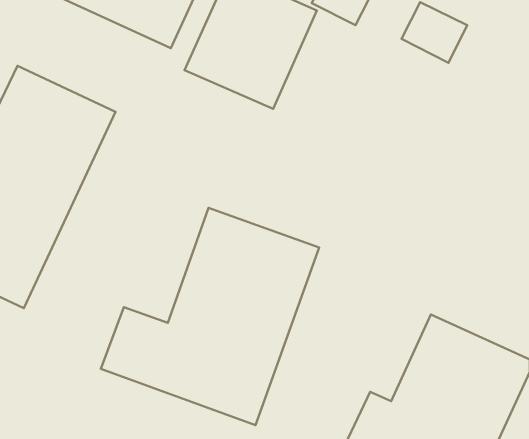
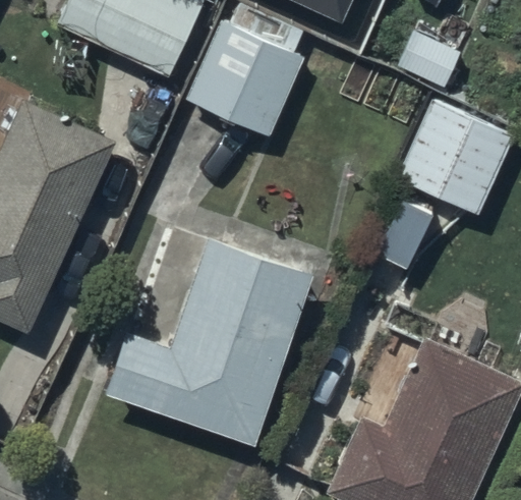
building: none -> [396,100,515,216]

